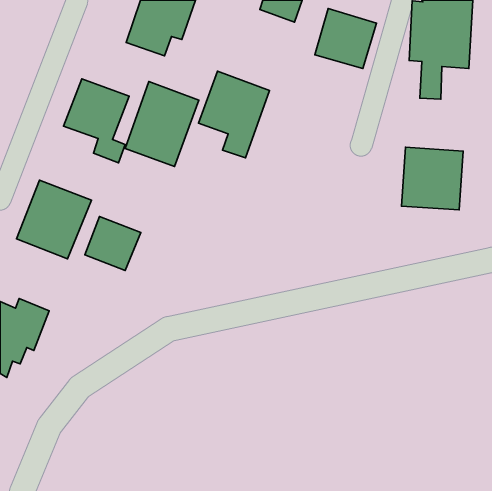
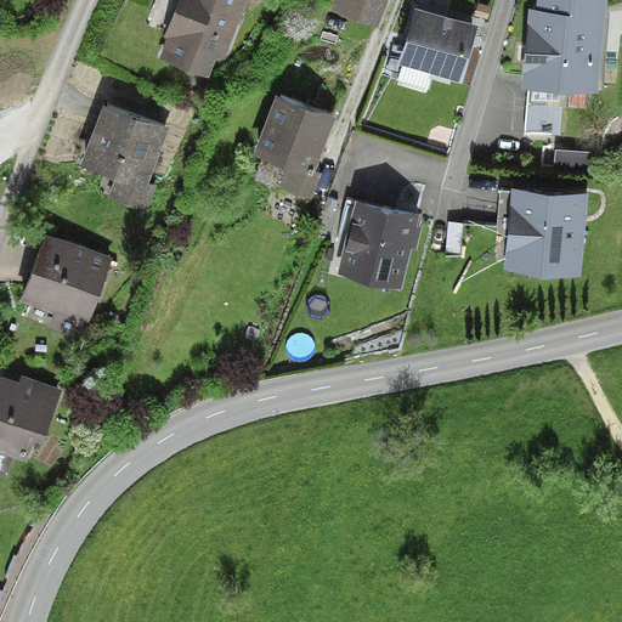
building: [125,81,199,167] -> none
building: none -> [337,200,419,288]
building: [85,216,141,271] -> none

